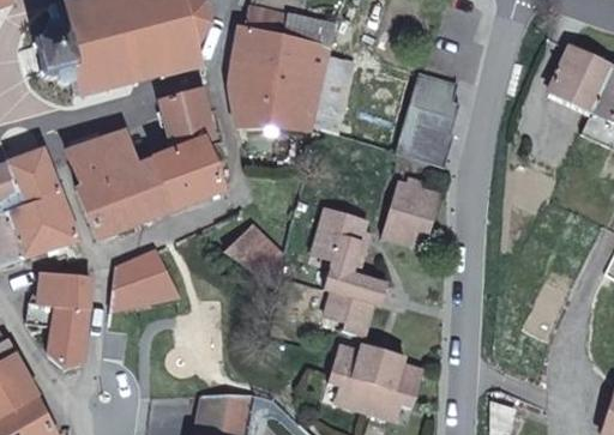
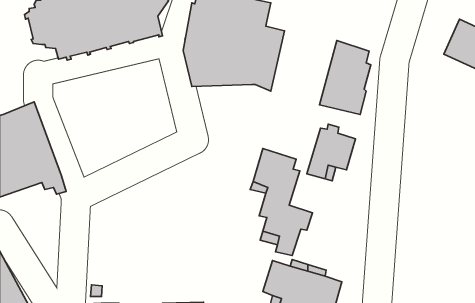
building: [66,87,223,241] -> none
building: [222,224,283,286] -> none
building: [109,249,177,308] -> none
building: [26,271,91,370] -> none

